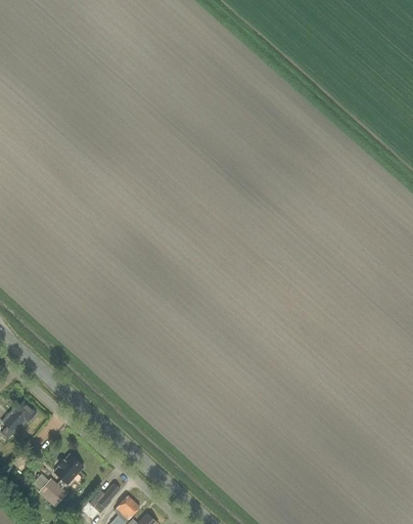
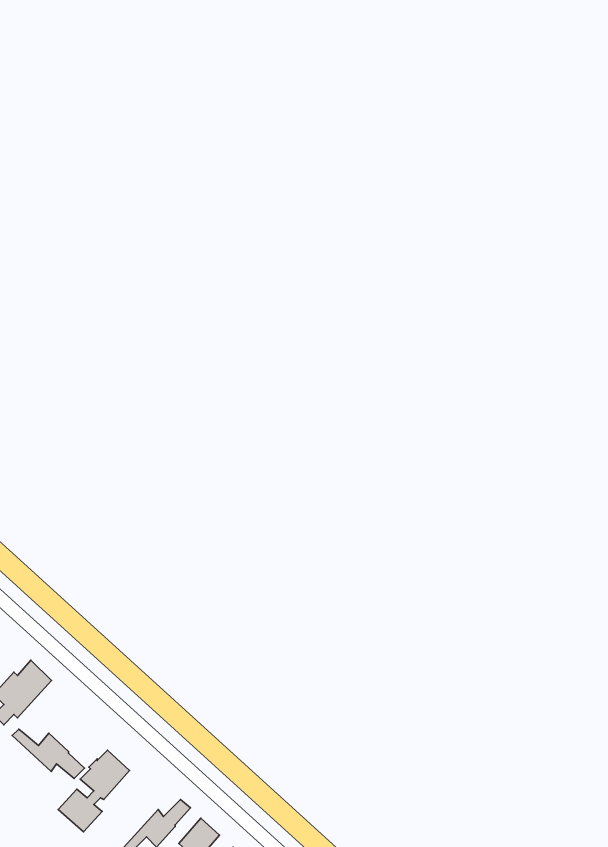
building: none -> [12,729,85,779]

